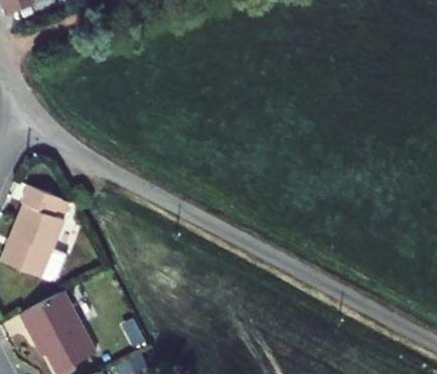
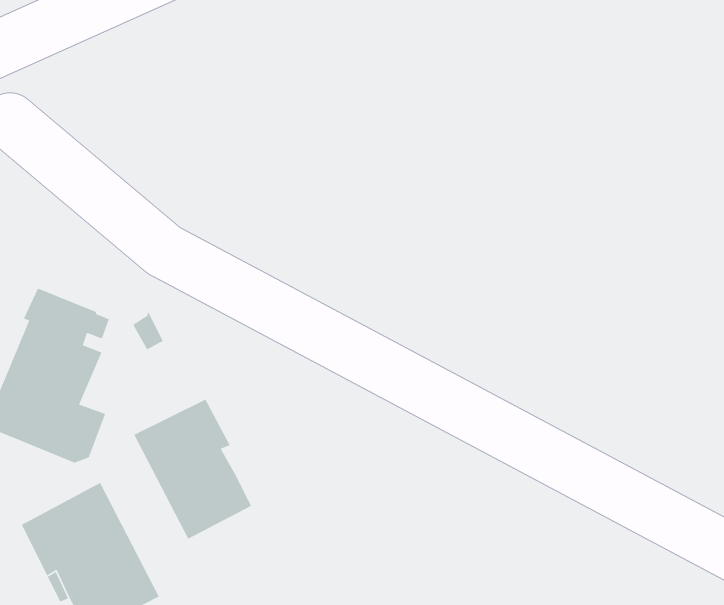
building: none -> [133,398,252,540]

